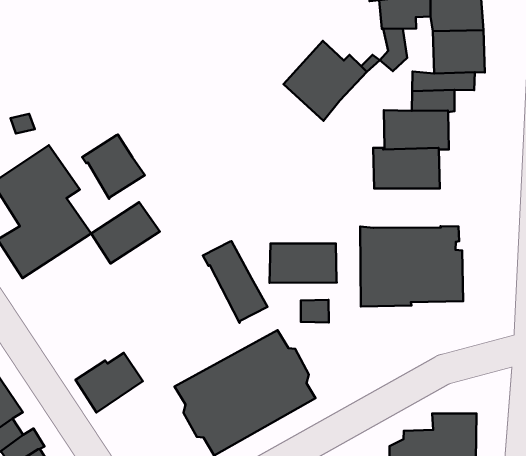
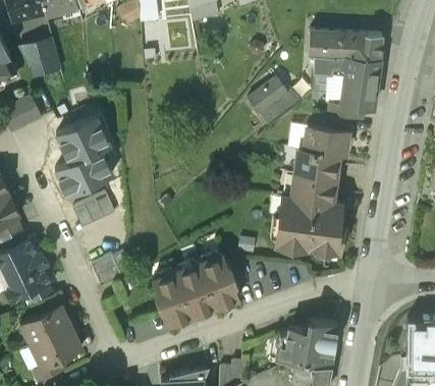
building: [82,134,145,199] -> none
building: [91,202,160,263] -> [73,192,116,228]
building: [203,241,268,323] -> none
building: [270,243,337,283] -> [290,173,335,204]

